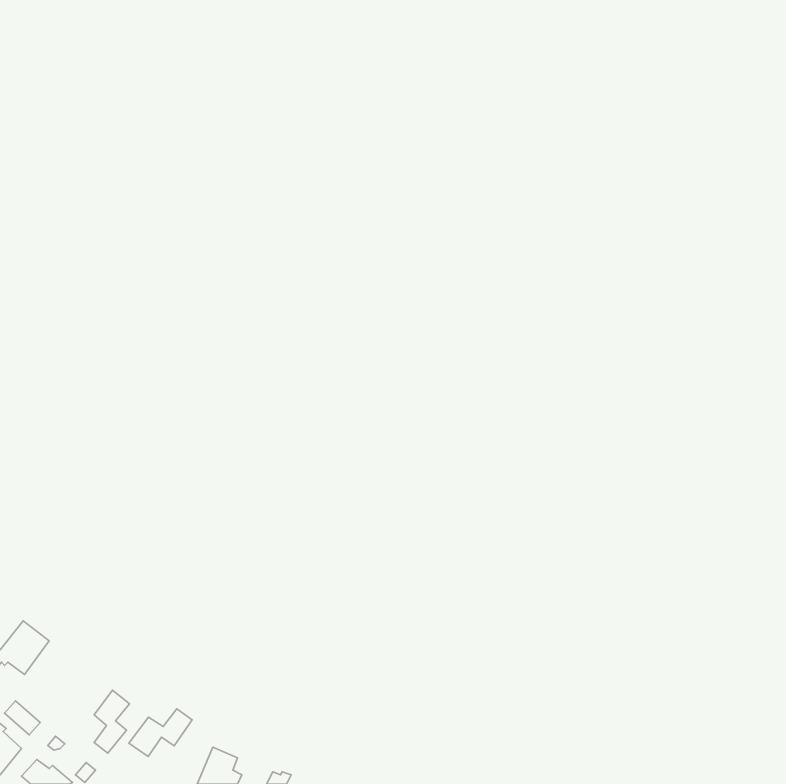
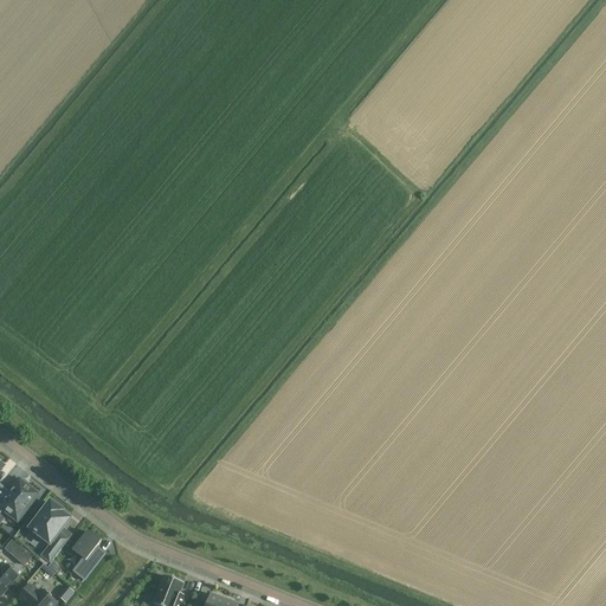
building: none -> [28,501,67,554]
building: [129,709,192,757] -> none

